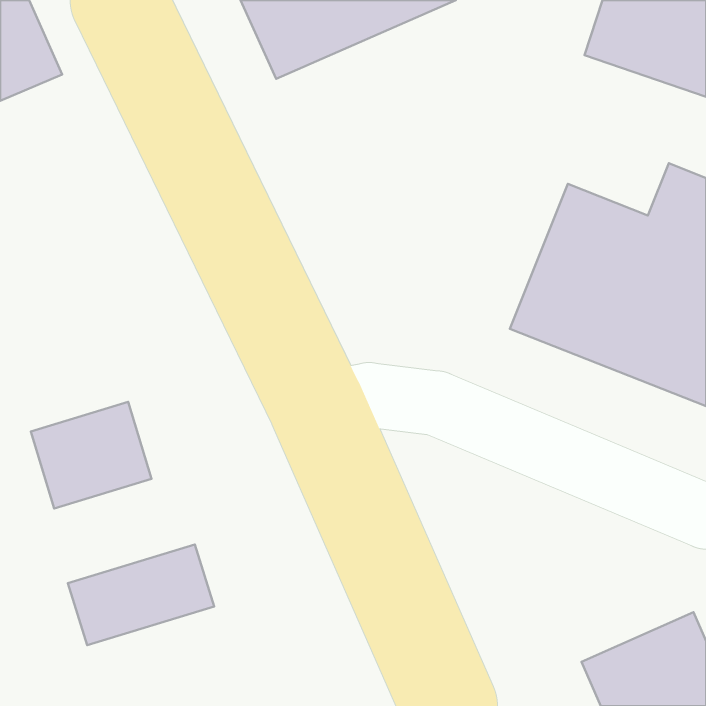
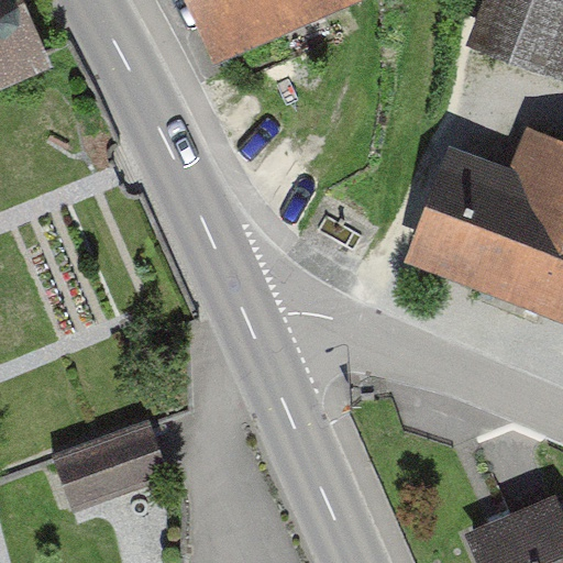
building: [31,402,151,508] -> none

